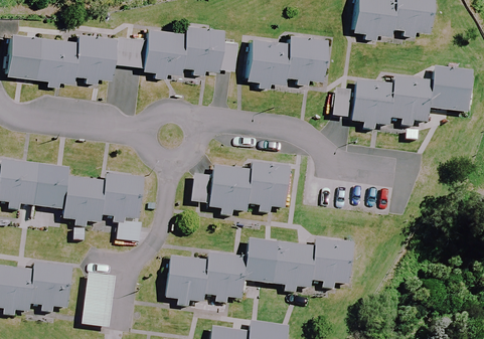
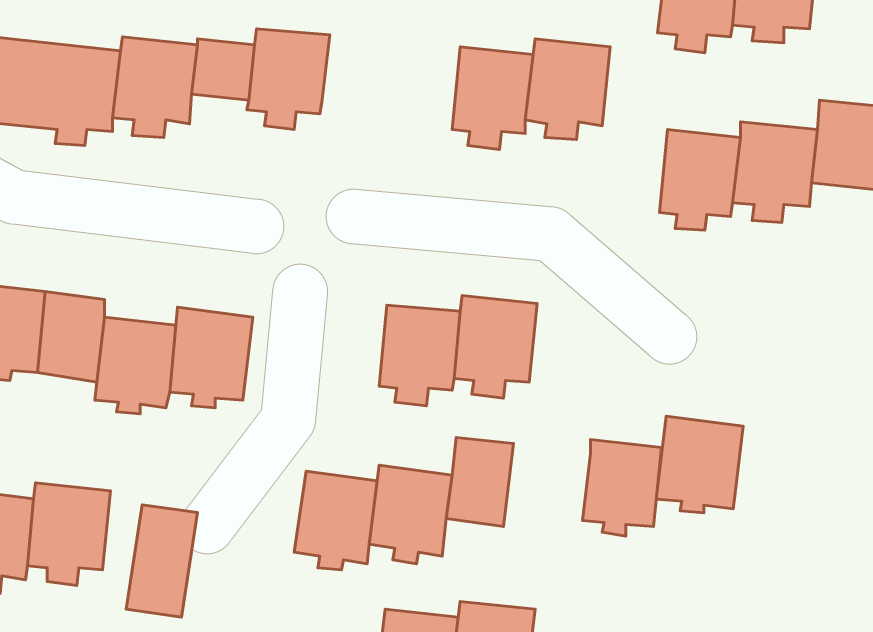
building: [180,23,223,75] -> none
building: [273,239,317,289] -> [656,416,743,513]

